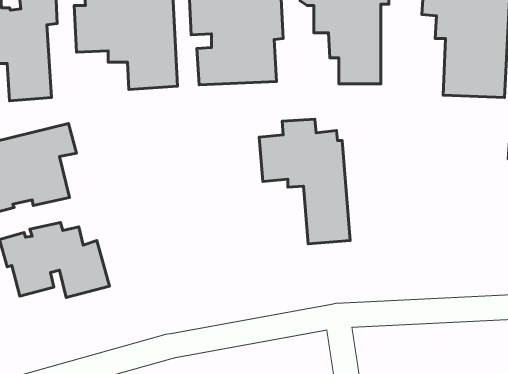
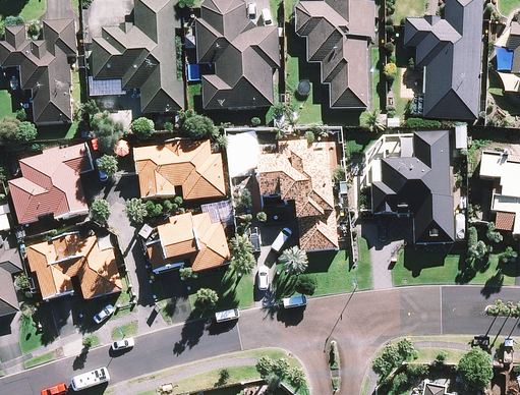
building: none -> [371,132,451,243]
building: none -> [135,137,225,200]
building: none -> [147,212,231,272]

